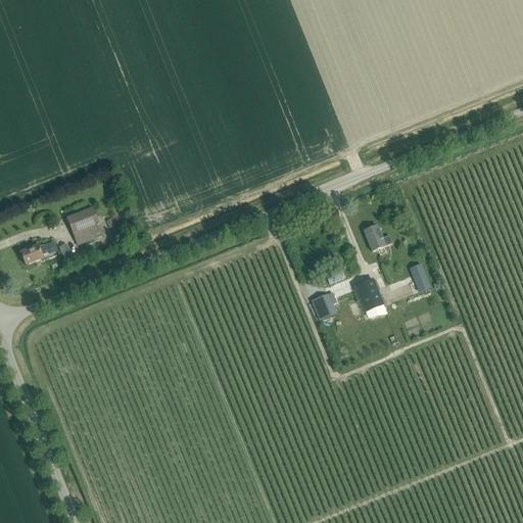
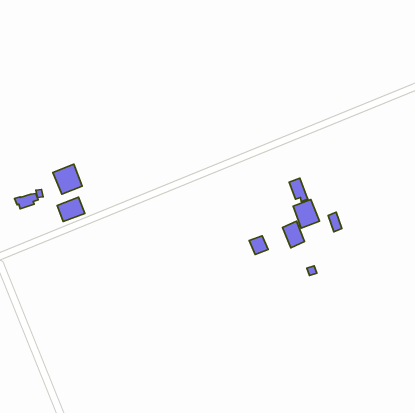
building: none -> [57,197,85,222]
building: none -> [293,199,320,228]

